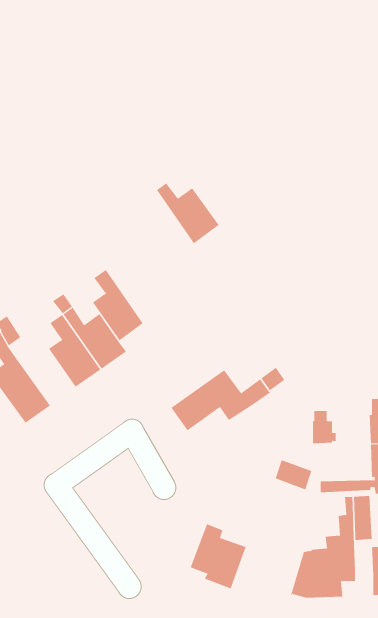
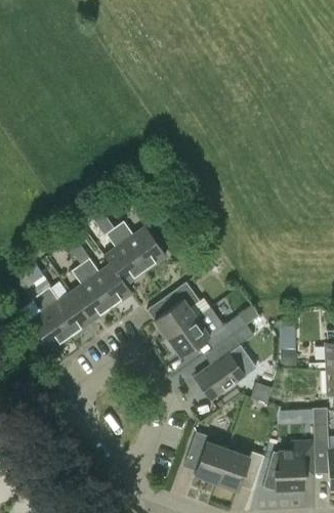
building: [156,182,219,244] -> [116,221,166,270]
building: none -> [148,282,210,338]
building: none -> [41,287,91,336]
building: none -> [195,335,245,399]
building: none -> [215,448,263,489]

